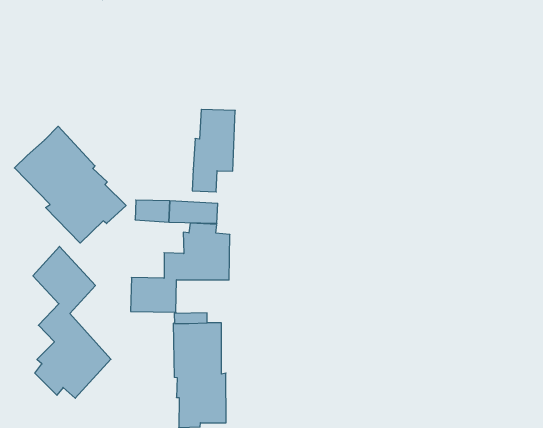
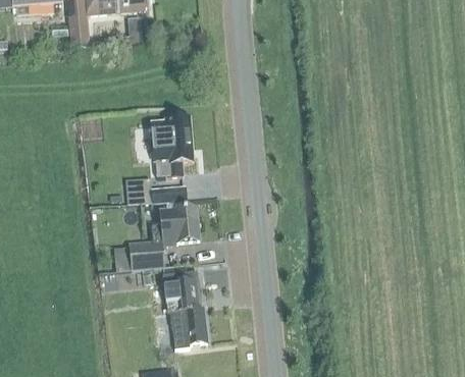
building: [14,126,126,243] -> none
building: [33,246,111,398] -> none

